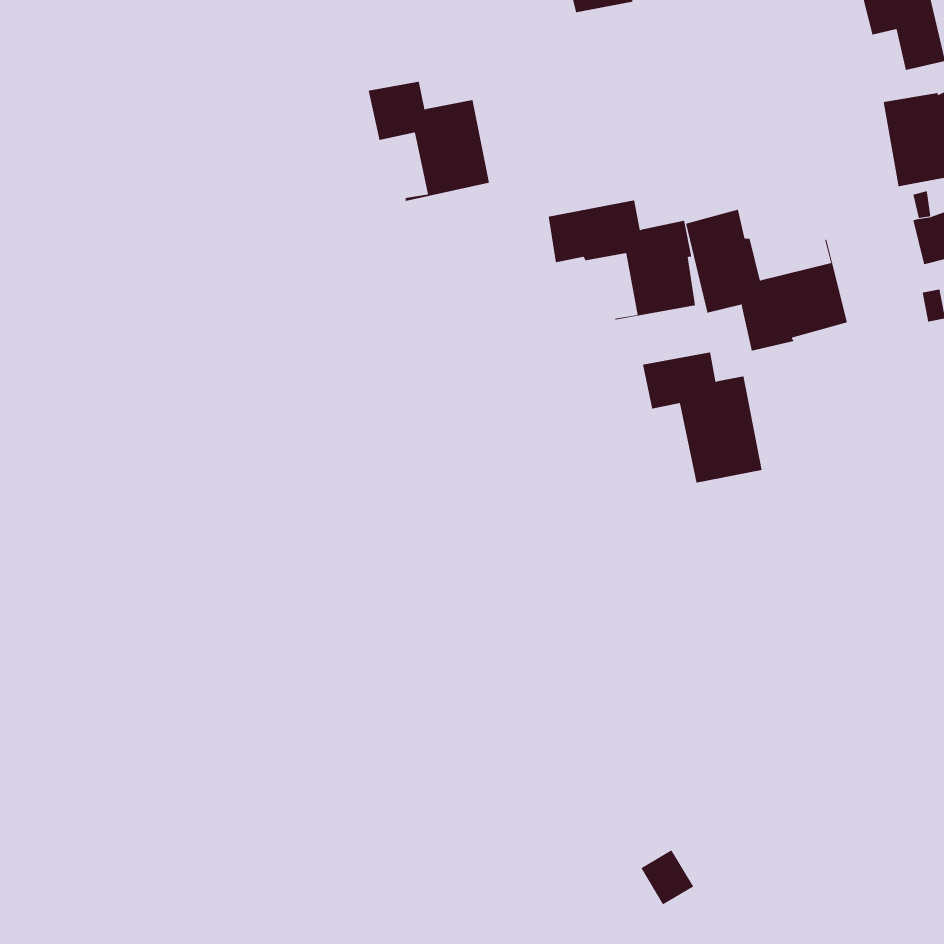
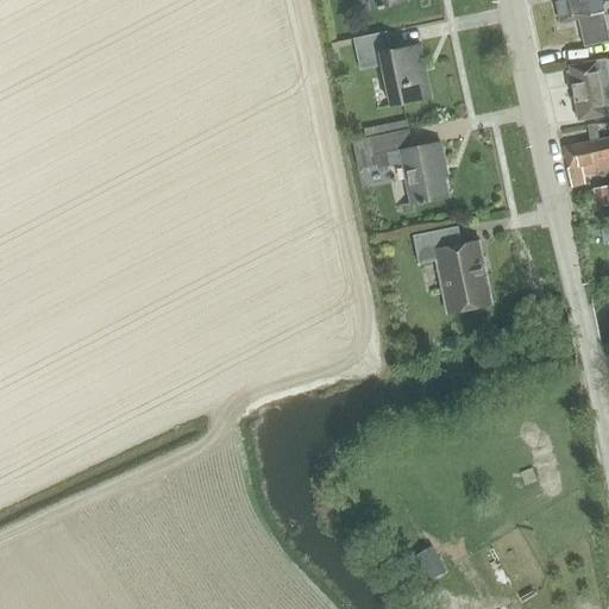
building: [368,81,490,201] -> [353,32,432,109]
building: [685,209,847,352] -> none
building: none -> [564,142,595,187]

